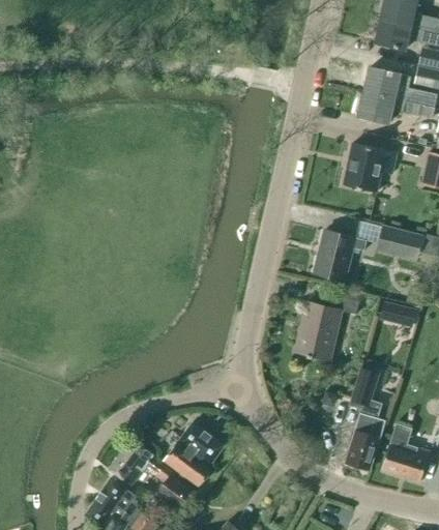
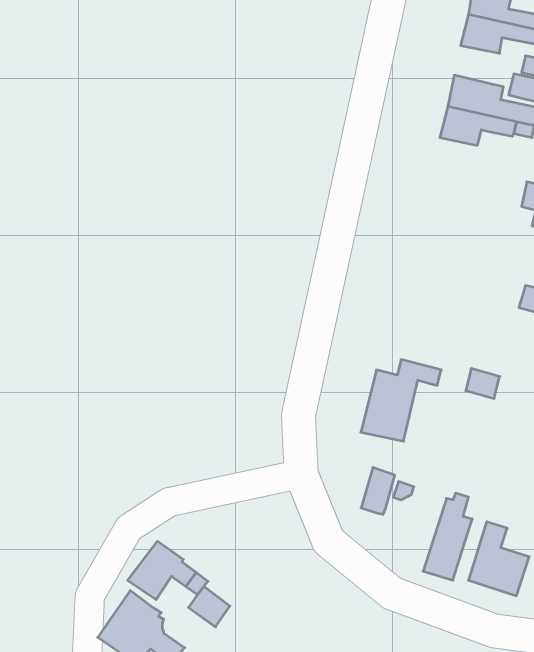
building: [344,143,397,193] -> none
building: [375,225,422,261] -> none
building: [314,230,367,281] -> none
building: [351,369,378,406] -> [361,468,395,514]
building: [164,422,224,487] -> none

